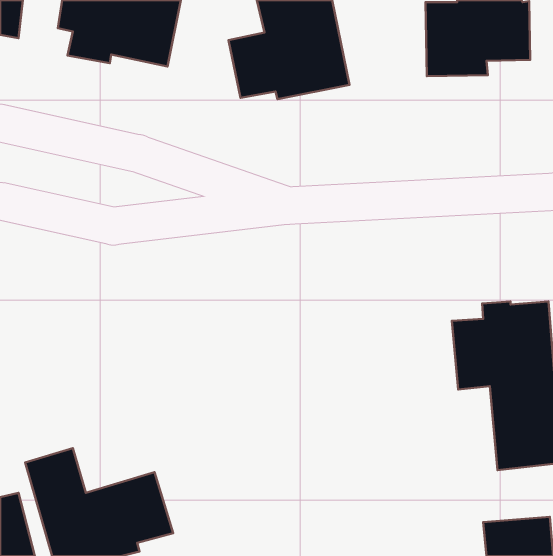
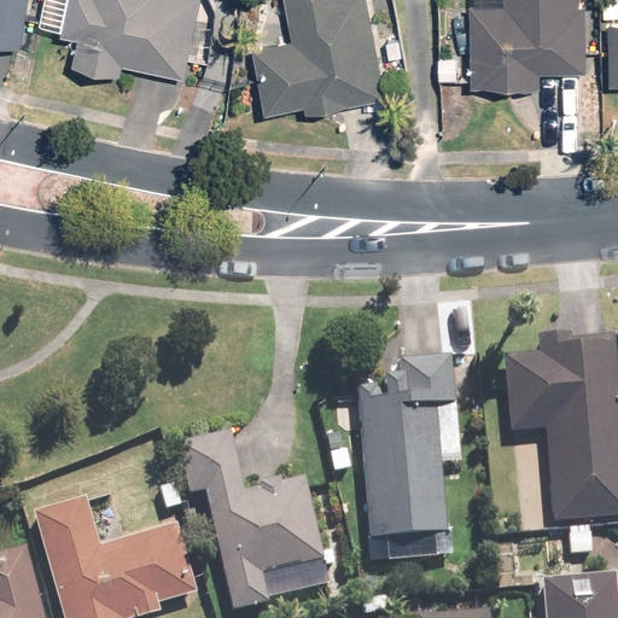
building: none -> [356,356,454,537]
building: none -> [175,432,322,610]

